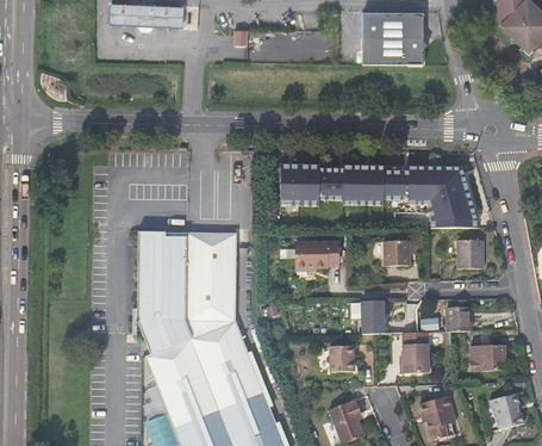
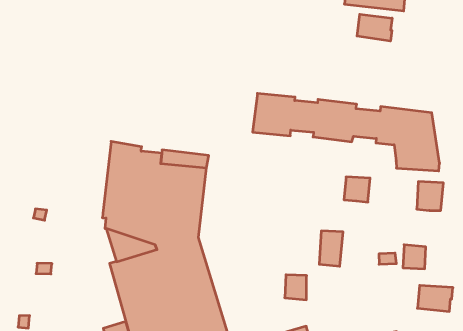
building: none -> [357,14,392,41]
building: [293,243,335,271] -> none
building: [400,334,429,373] -> none

